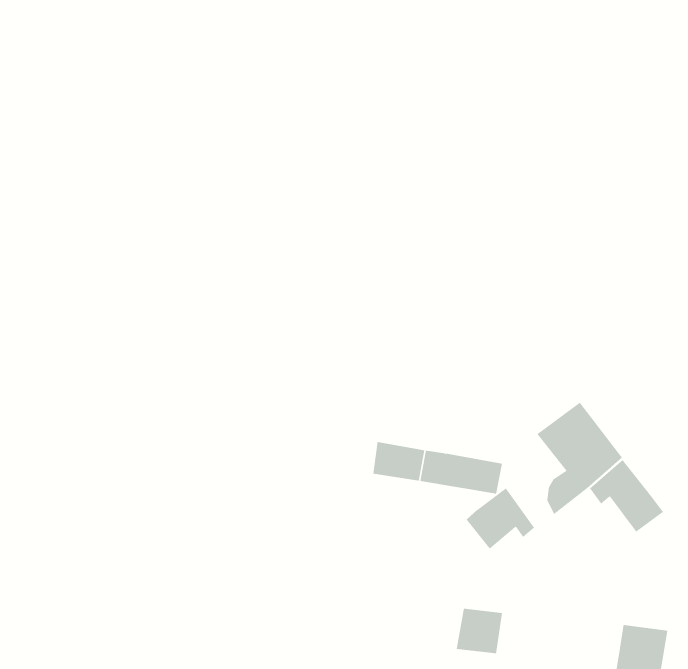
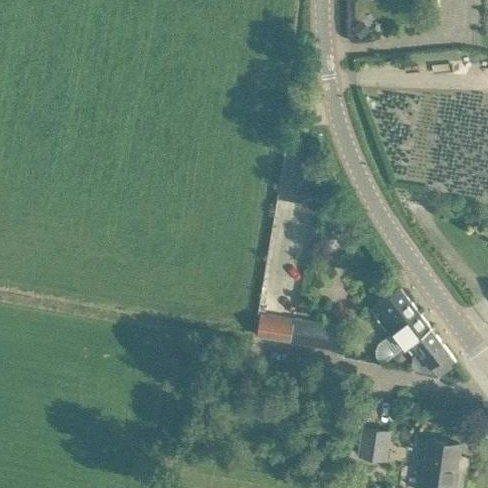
building: [466,487,535,549] -> none
building: [456,608,503,654] -> [359,432,391,463]

